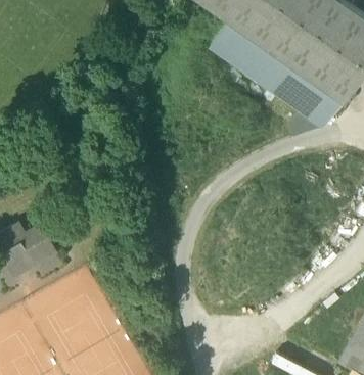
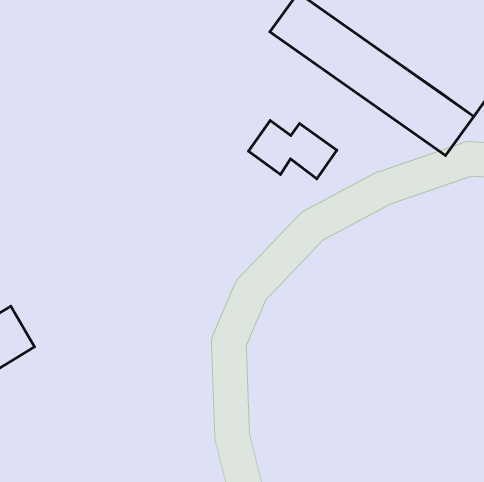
building: none -> [248,120,337,179]

